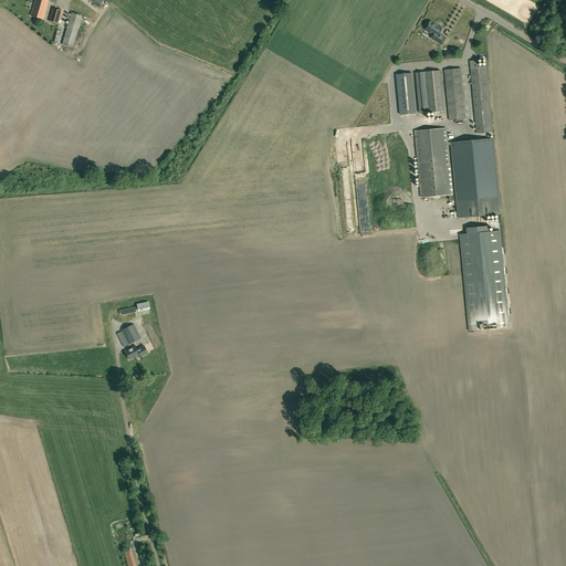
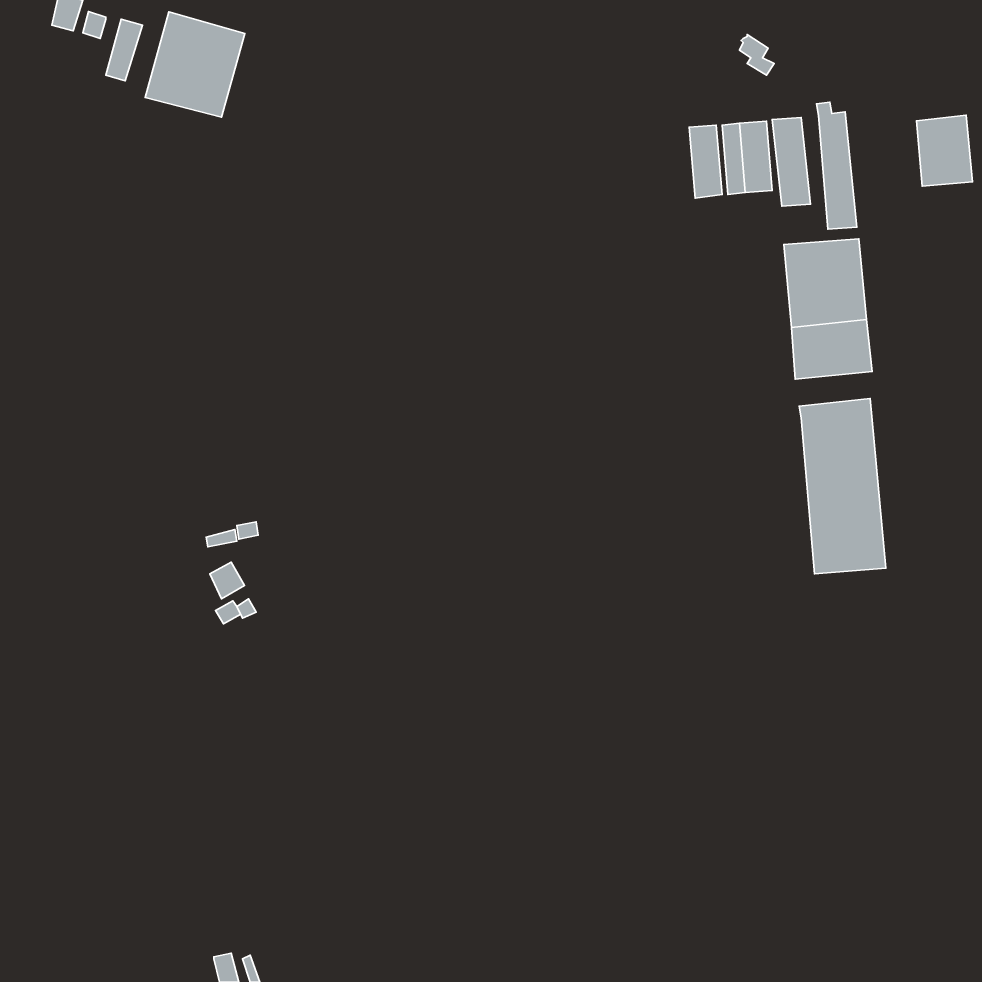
building: none -> [145,12,245,117]
building: none -> [916,115,972,186]
building: [413,127,452,197] -> none

